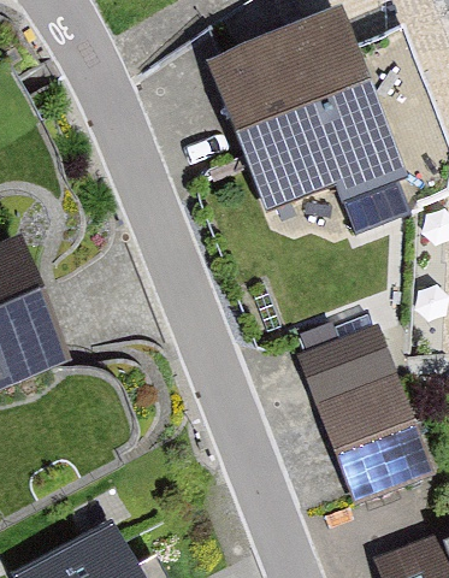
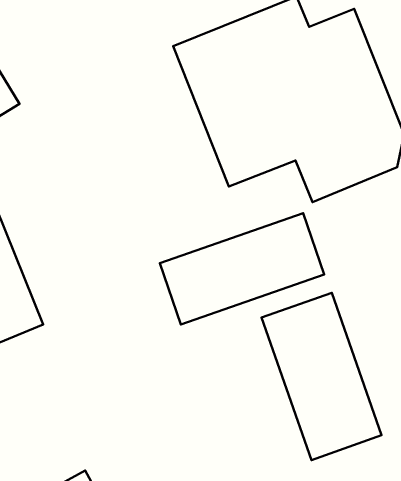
building: none -> [160,213,324,324]

